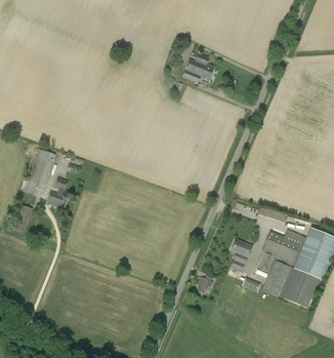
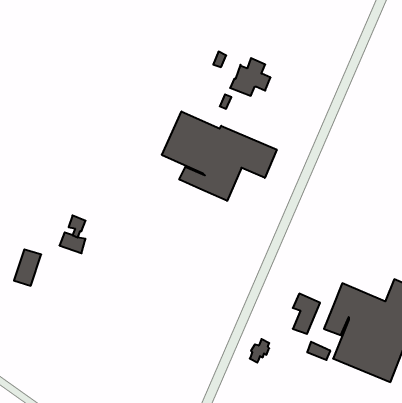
building: none -> [162,111,277,201]
building: [25,148,55,191] -> none

